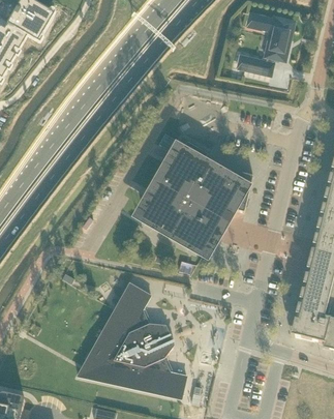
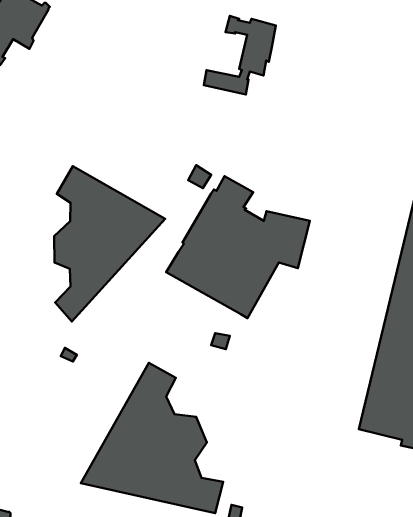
building: [239,14,294,74] -> [204,16,276,94]
building: none -> [54,166,165,322]

